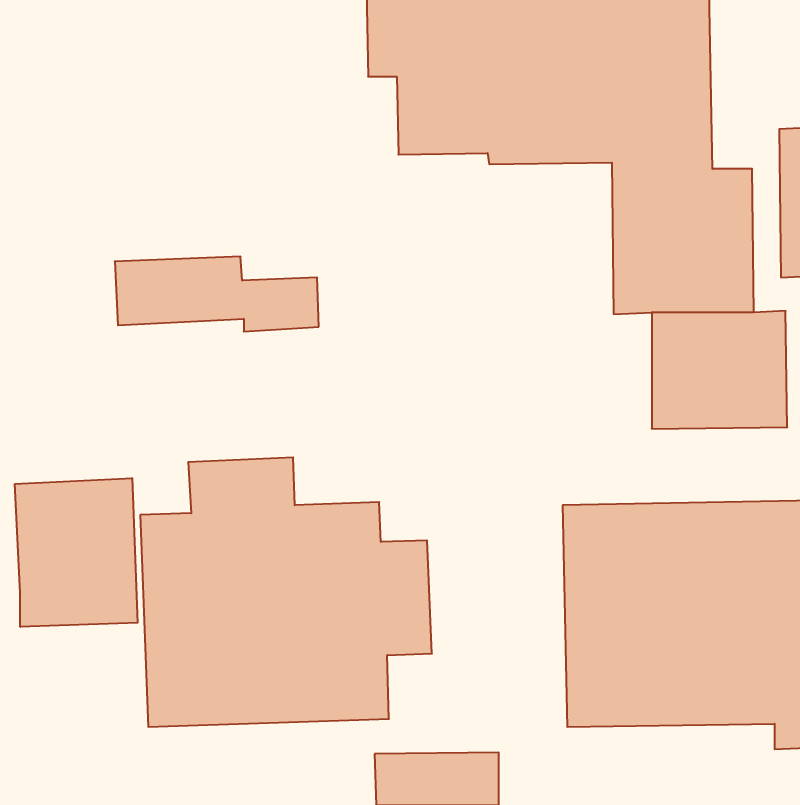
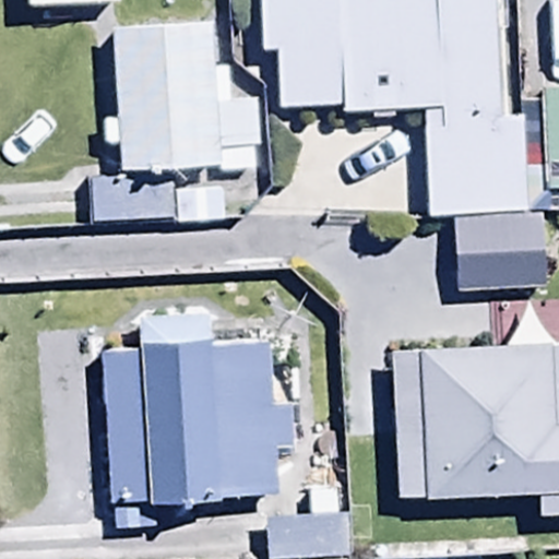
building: none -> [104,20,262,170]
building: [15,478,138,627] -> none

